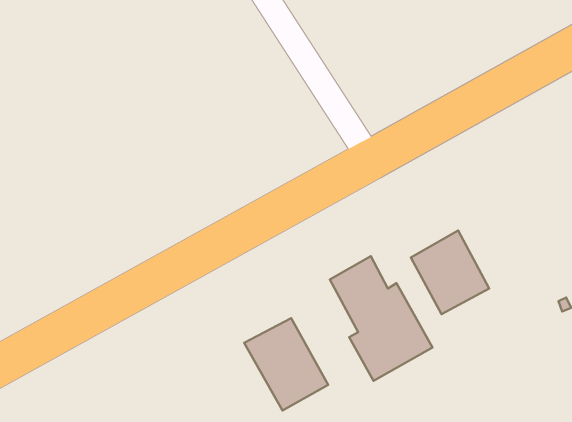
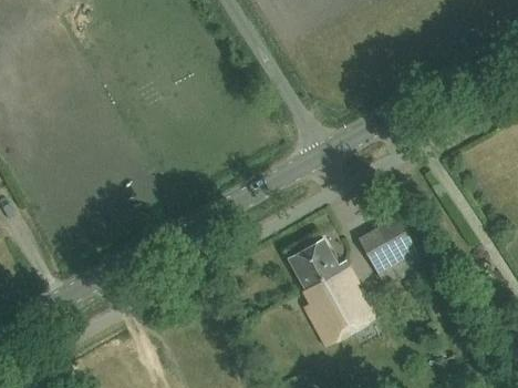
building: [244,318,328,410] -> none

